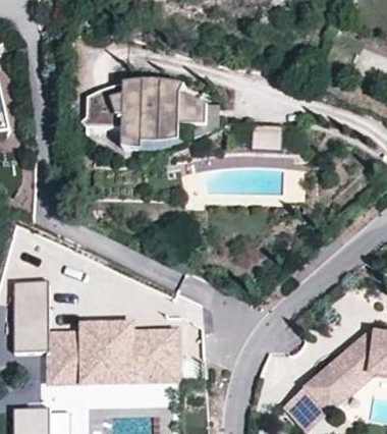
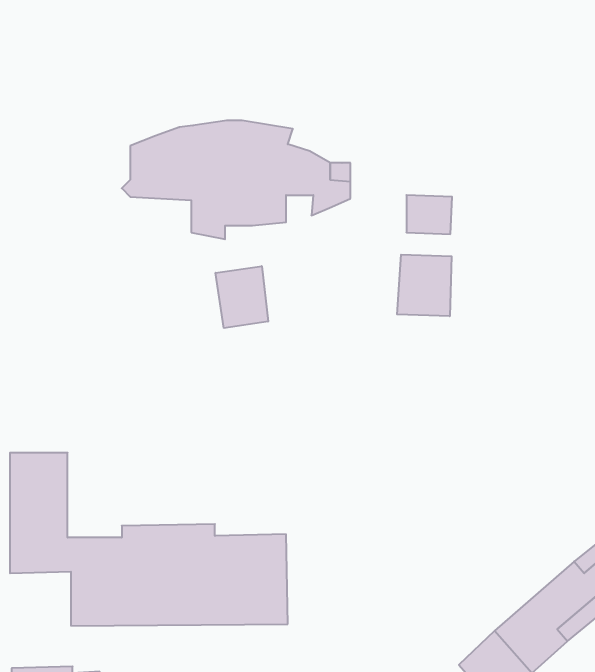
building: none -> [397,255,452,316]
building: none -> [216,266,268,328]

